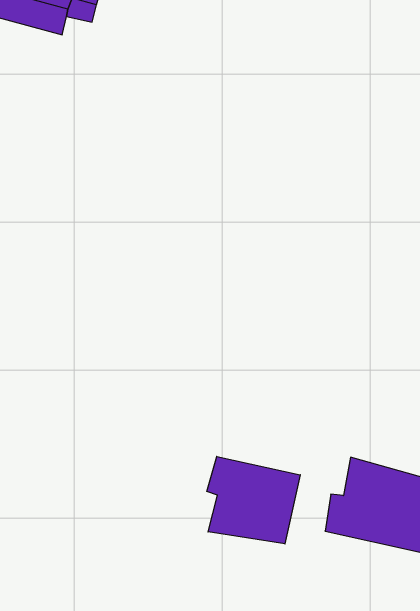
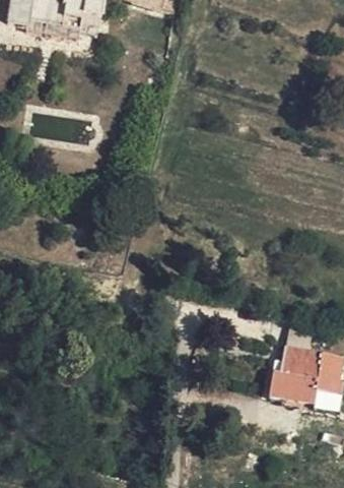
building: [207,456,300,544] -> none

